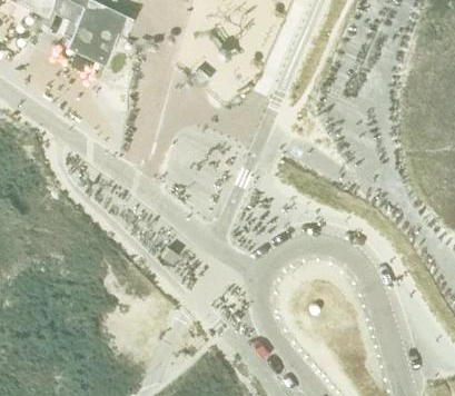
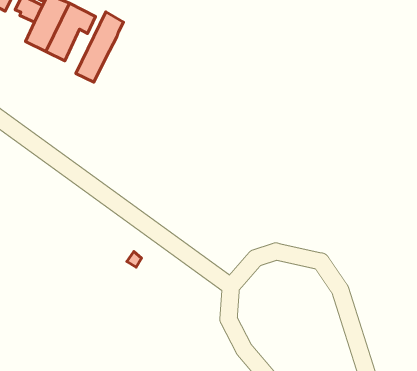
building: none -> [76,12,124,82]

